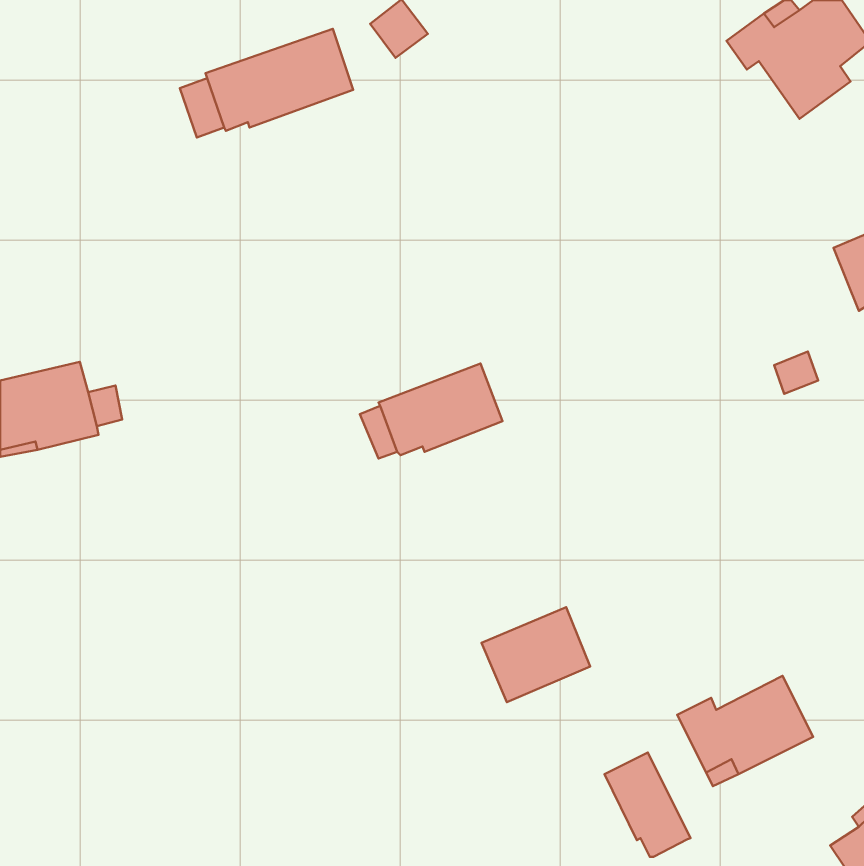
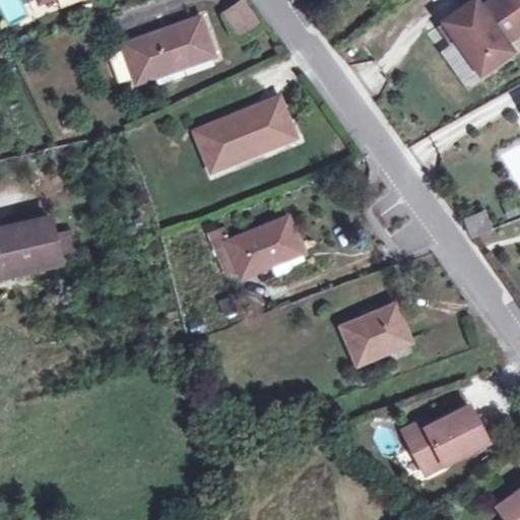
building: none -> [196,99,295,167]
building: [481,607,590,702] -> [344,306,409,363]
building: [604,753,690,857] -> none

